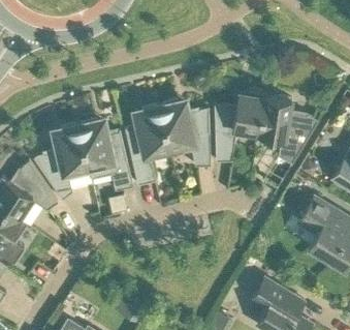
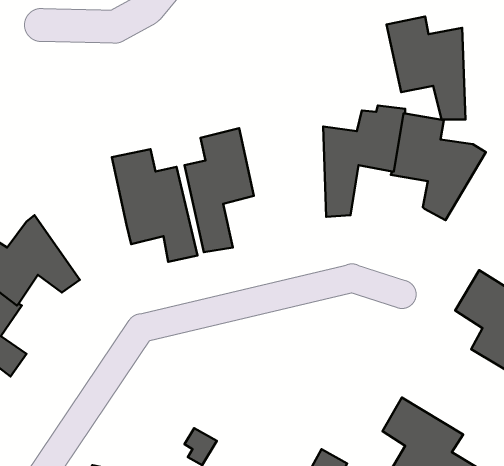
building: [160,100,211,167] -> [387,16,466,120]
building: [33,124,88,200] -> none

